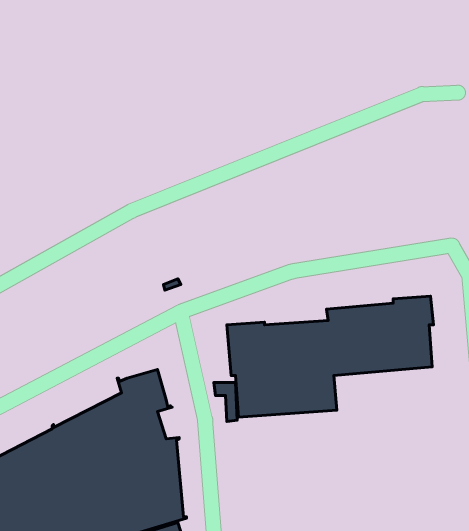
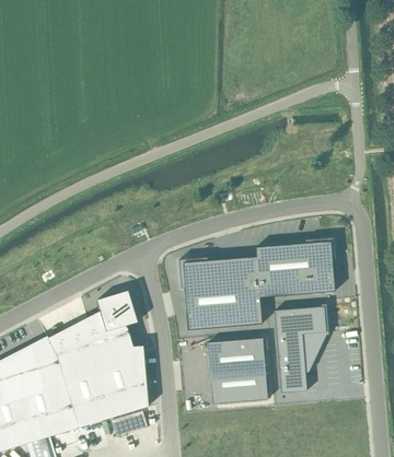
building: none -> [275,306,326,392]
building: none -> [206,338,268,402]

